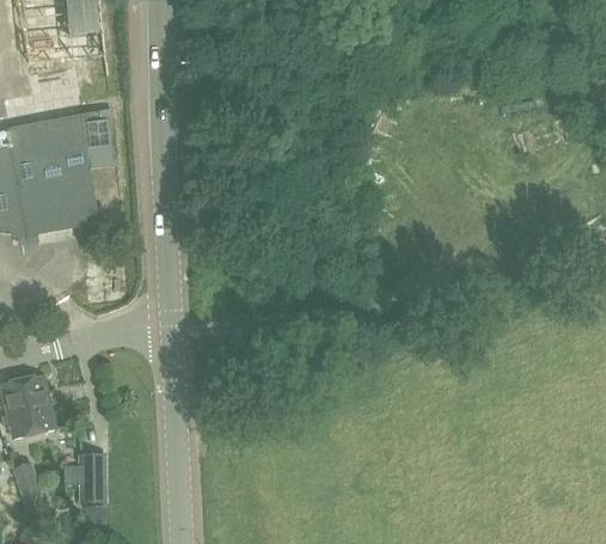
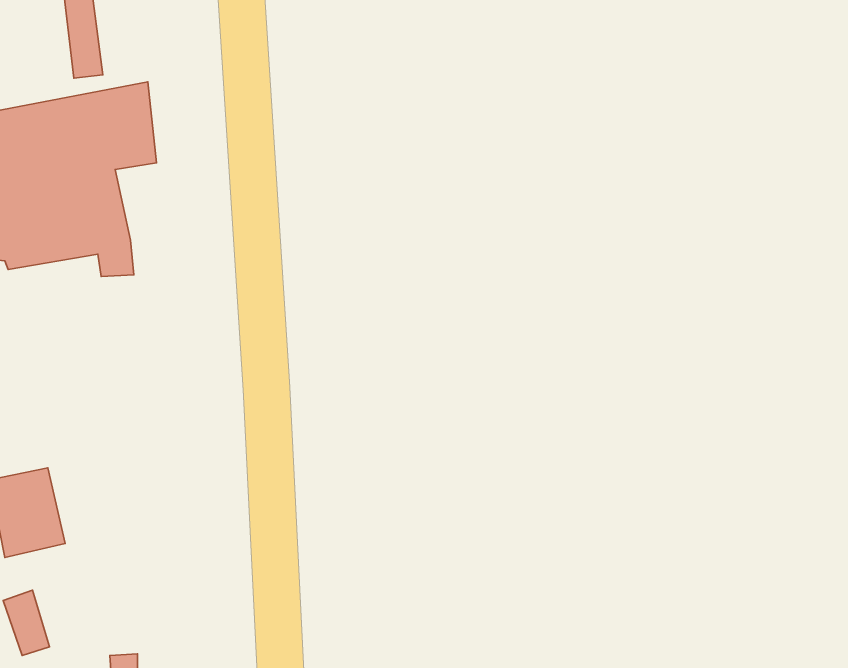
building: [62,453,106,503] -> none

